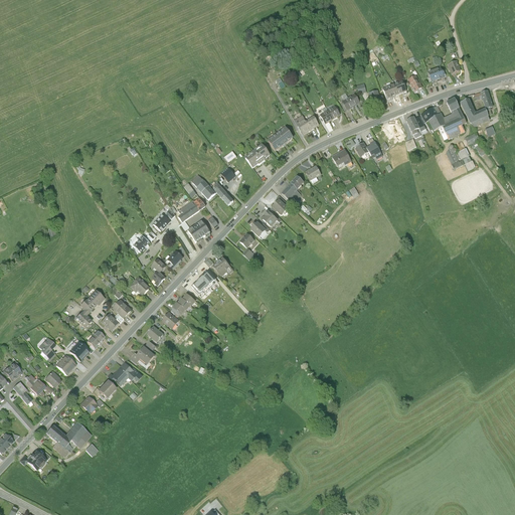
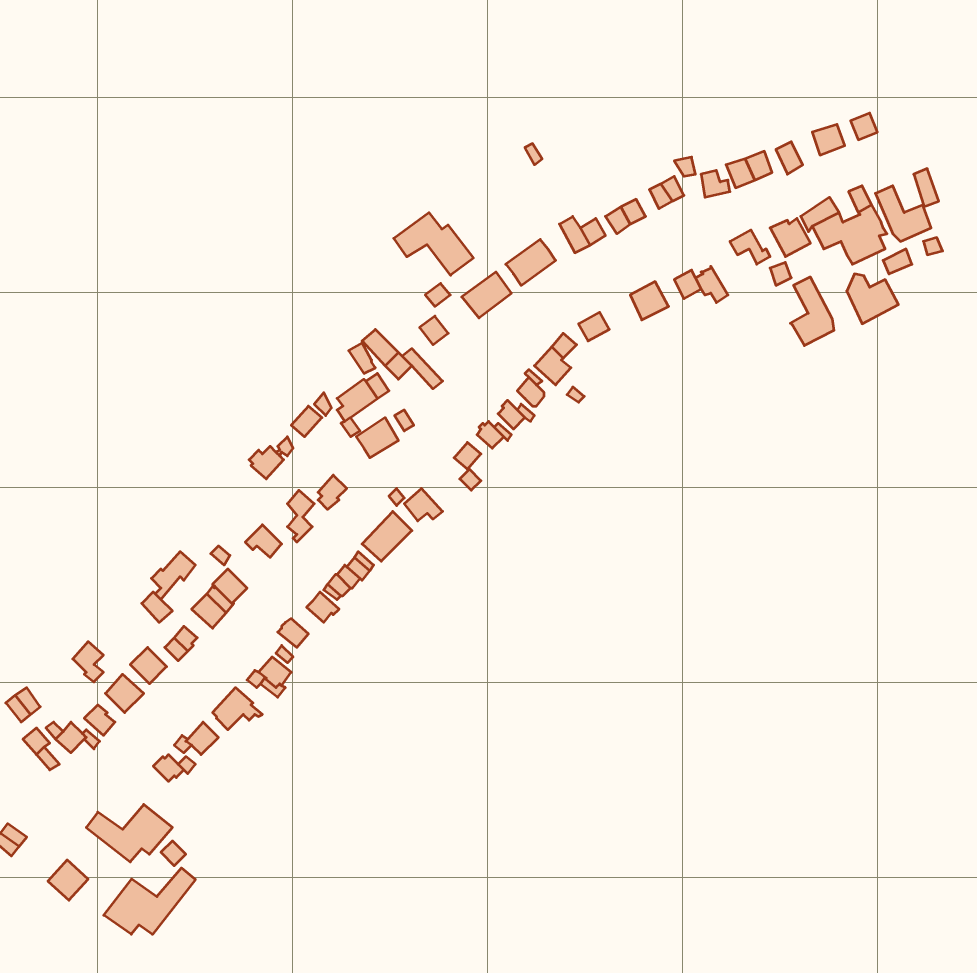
building: none -> [394,213,473,275]
building: none -> [790,277,834,346]
building: none -> [104,868,195,934]

